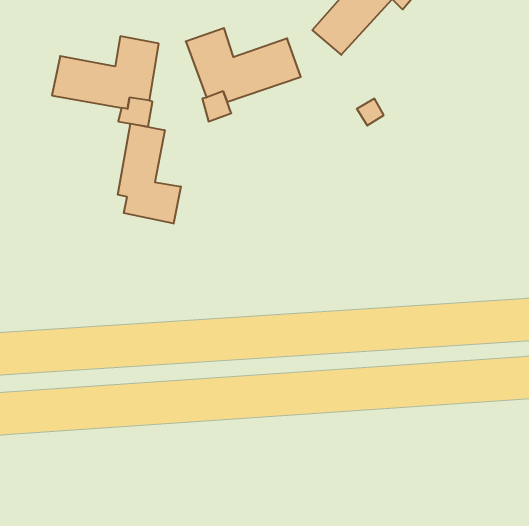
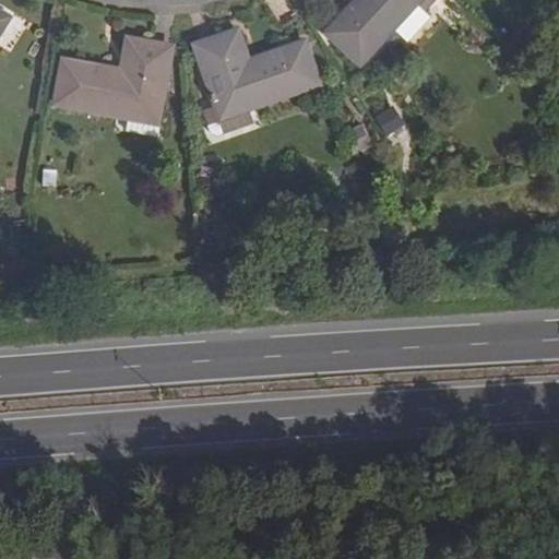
building: [118,124,181,224] -> none

